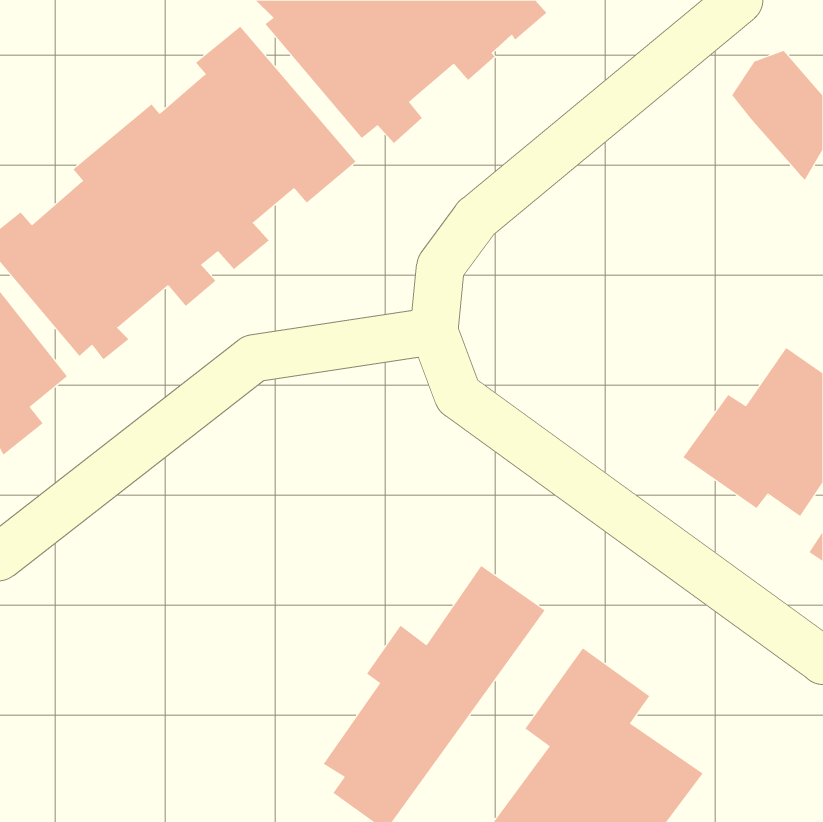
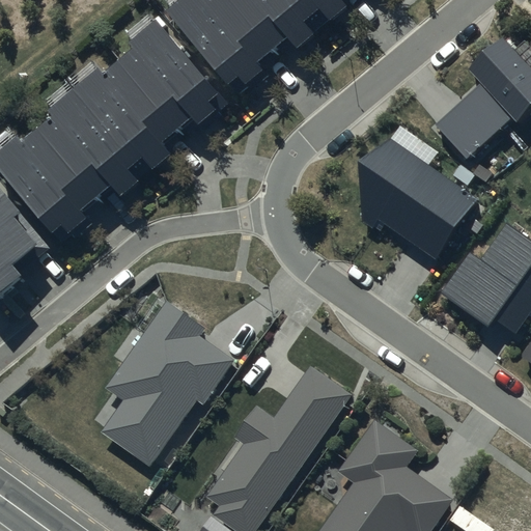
building: none -> [438,79,513,157]
building: none -> [361,125,478,258]
building: none -> [100,299,235,465]

